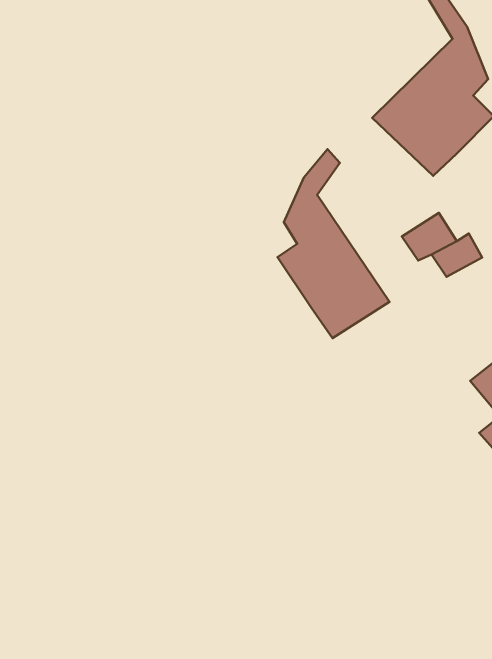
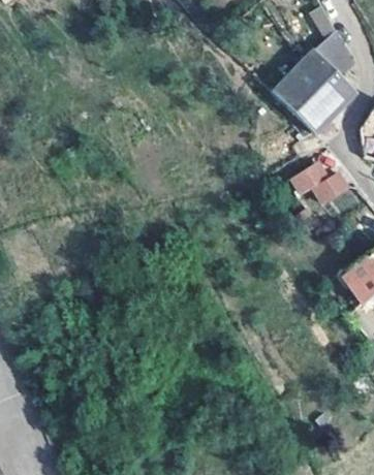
building: [278,149,389,338] -> none

